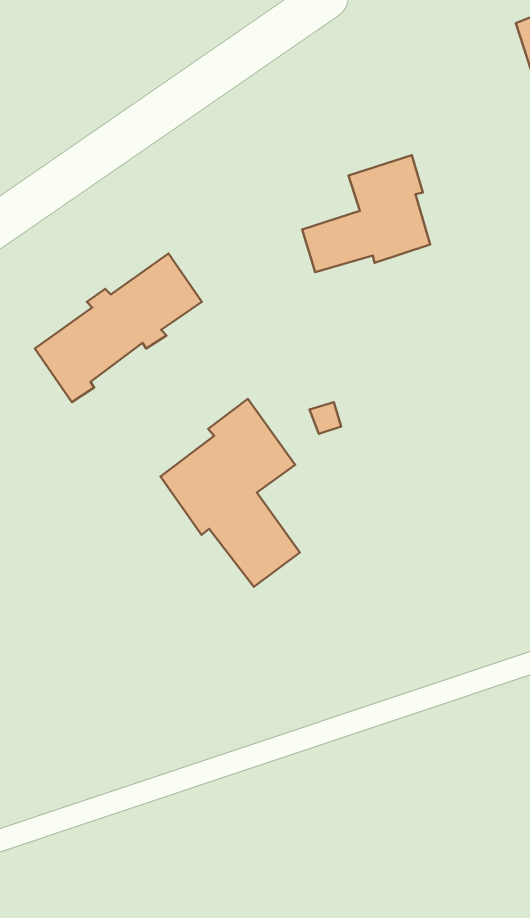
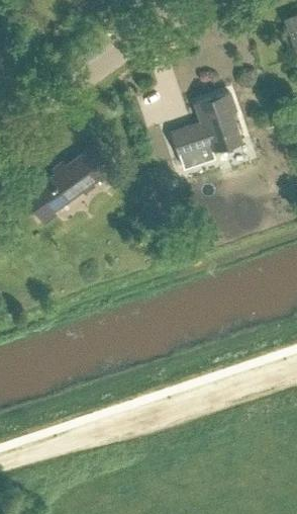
building: [160,399,300,587] -> none

